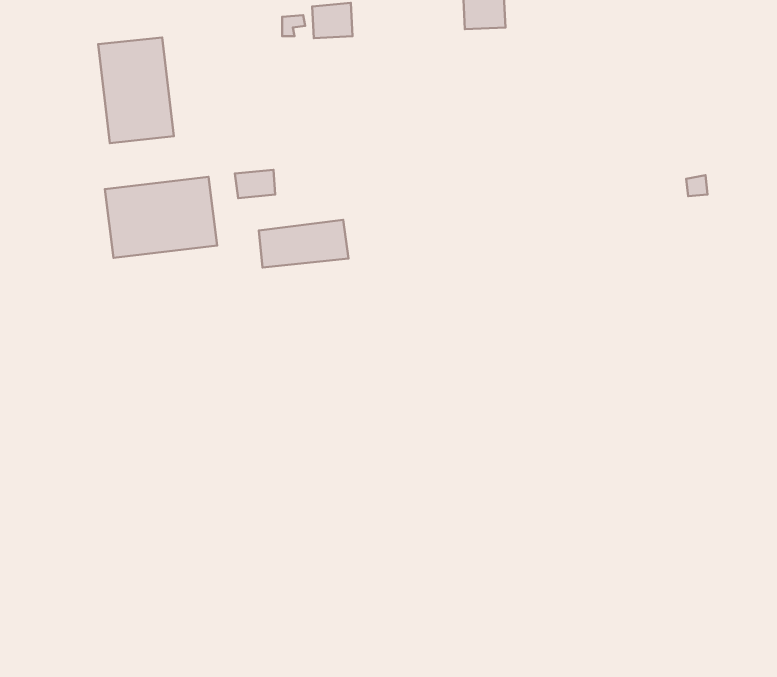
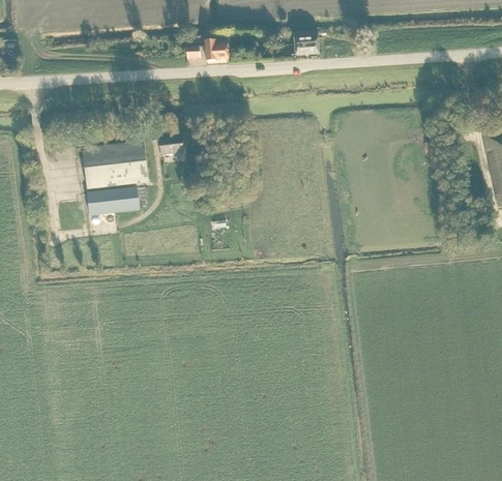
building: [98,37,174,143] -> none
building: [259,220,348,267] -> [86,187,139,215]

